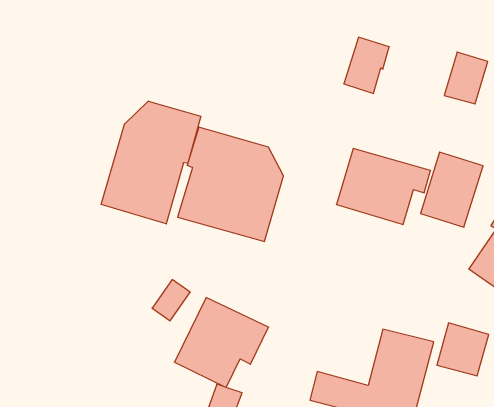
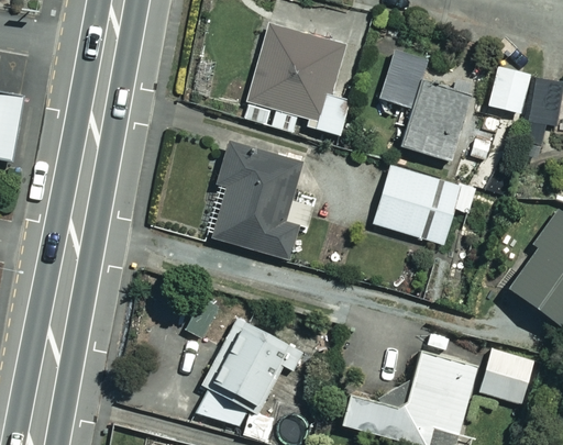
building: none -> [244,24,351,134]
building: [101,101,201,224] -> none
building: [421,152,483,227] -> [402,81,467,159]

